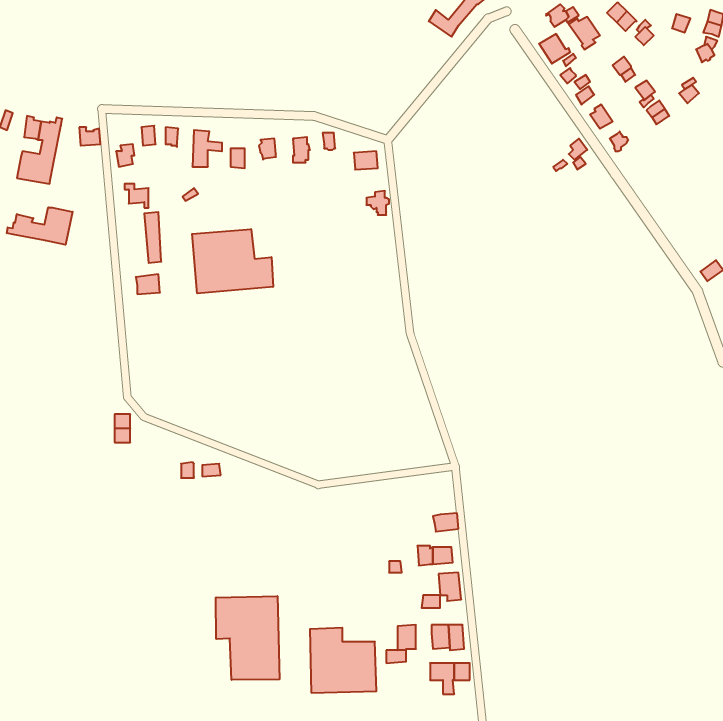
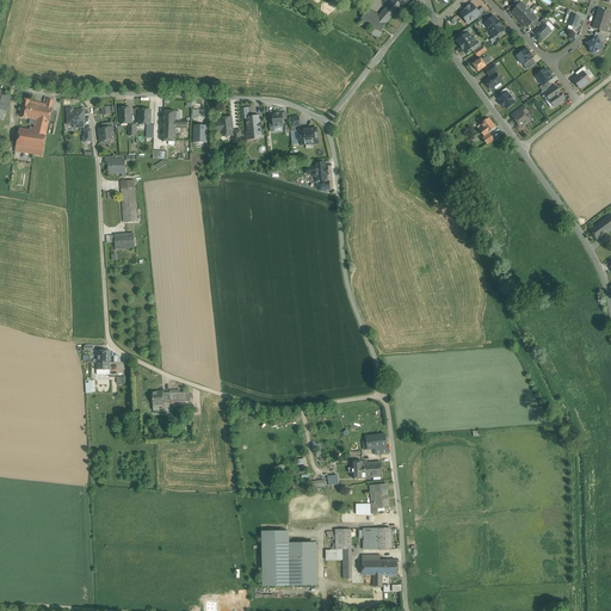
building: [7,207,73,245] -> none
building: [192,229,273,293] -> none
building: [216,596,279,680] -> none

